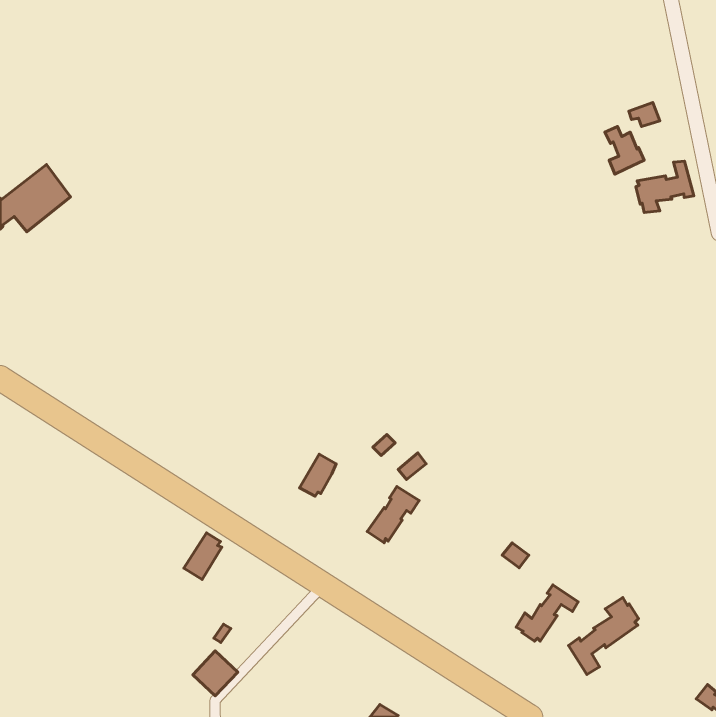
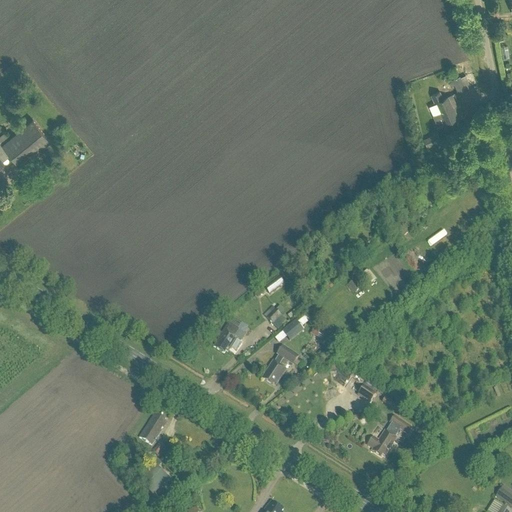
building: [636,161,694,213] -> none
building: [184,533,222,579] -> [141,412,168,445]
building: [569,597,638,675] -> none

